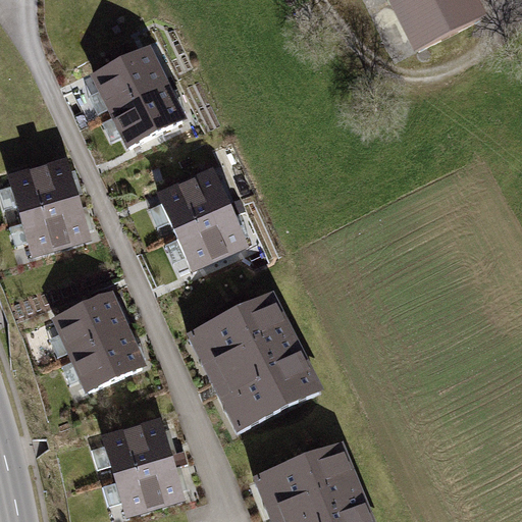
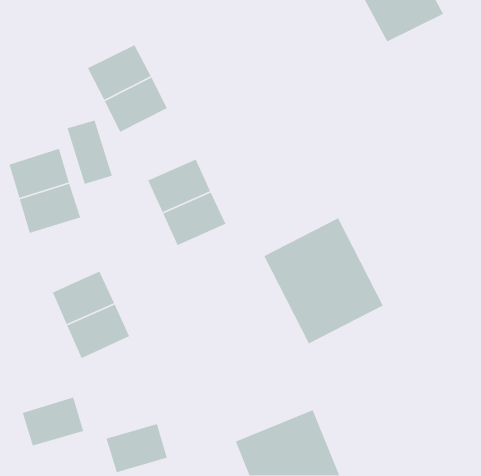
building: none -> [66,119,113,185]
building: [188,293,318,430] -> [263,217,384,344]
building: [103,420,170,474] -> [22,397,84,447]

